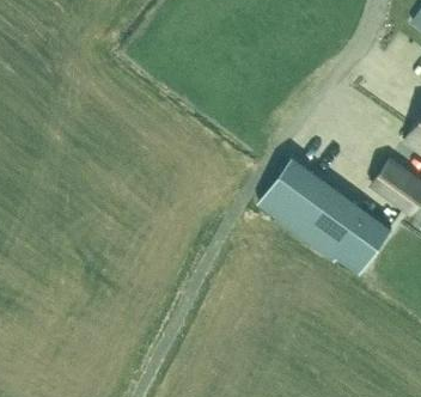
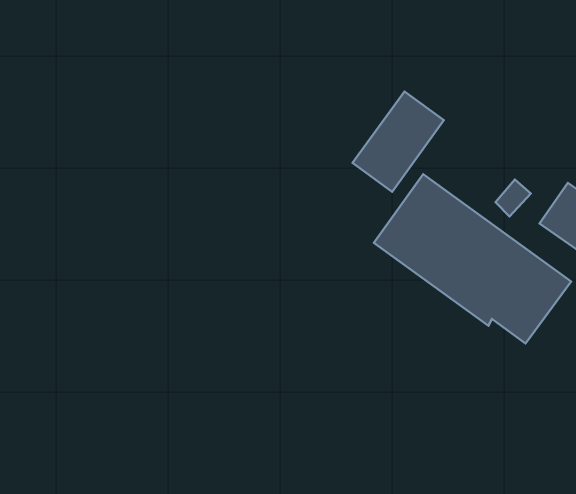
building: none -> [352,91,444,192]

